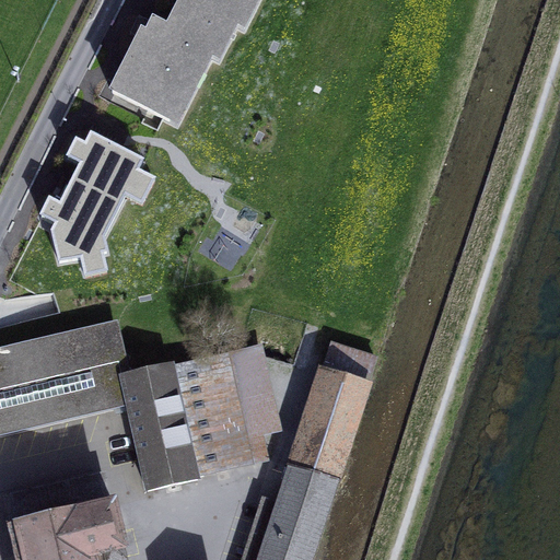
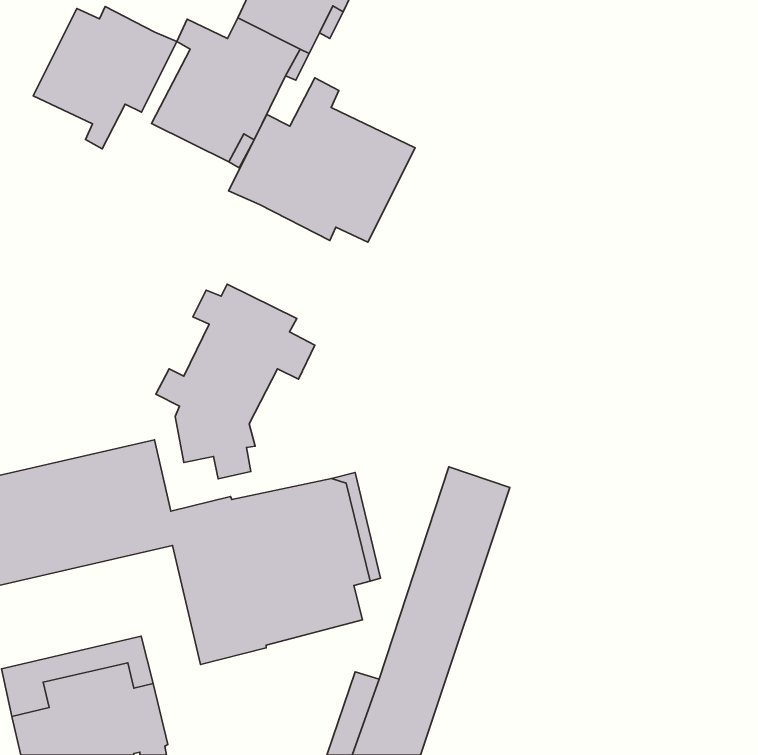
building: none -> [33,7,177,149]
building: none -> [229,78,415,242]
building: [37,133,154,277] -> [156,284,315,479]

